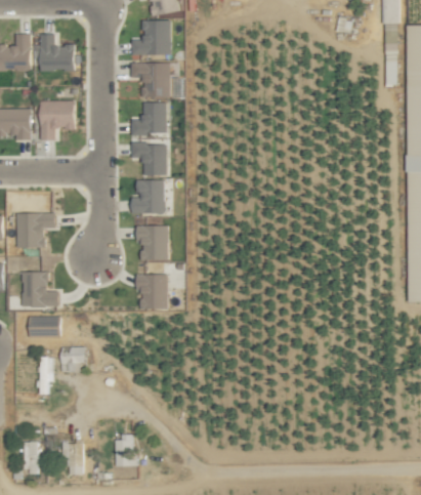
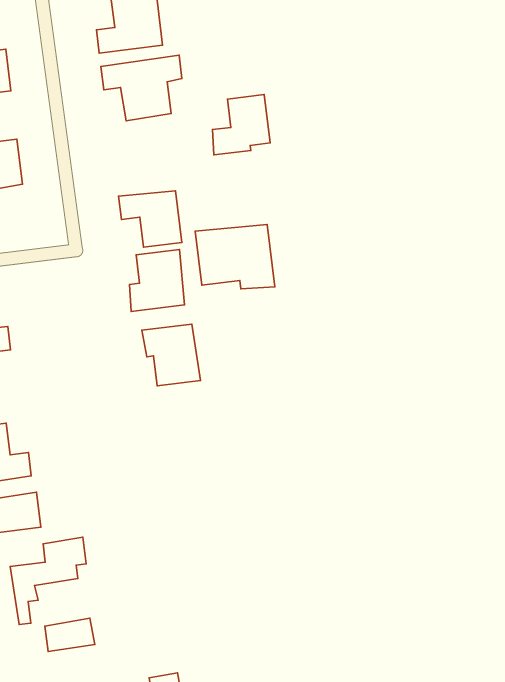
building: [131,102,166,135] -> [213,95,270,155]
building: none -> [195,224,275,289]
building: [136,275,168,310] -> none
building: none -> [45,618,95,651]

